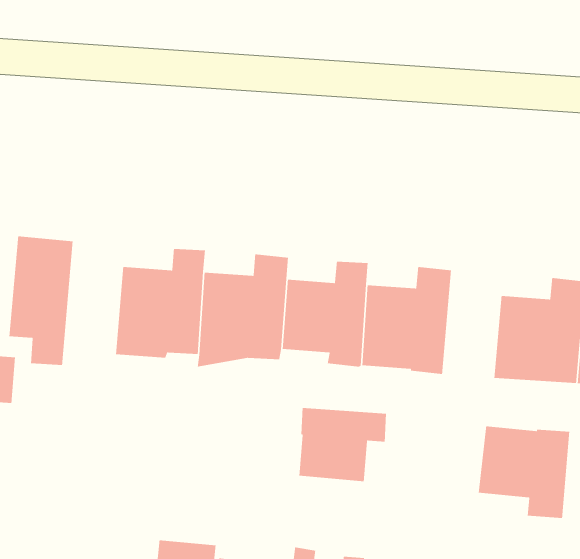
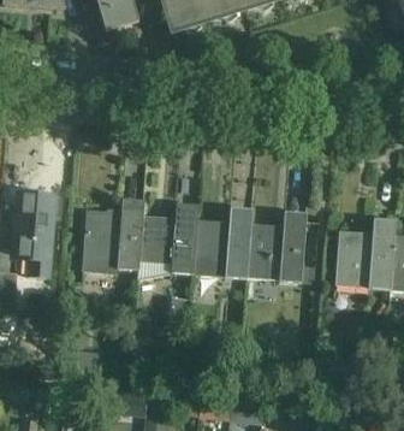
building: [299,407,387,482] -> none
building: [478,425,570,519] -> none

